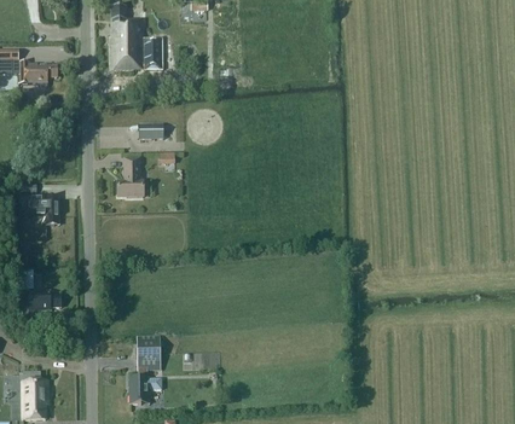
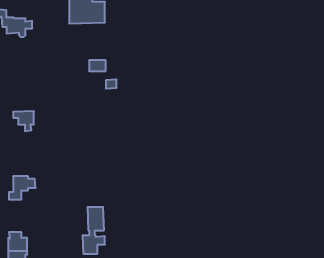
building: [117,159,143,198] -> none

